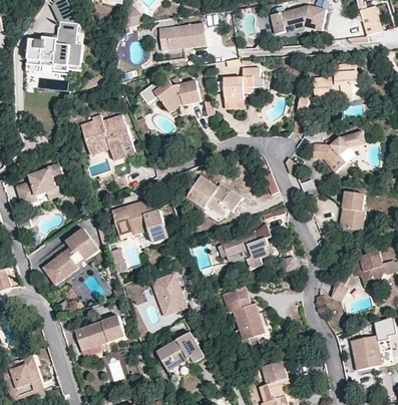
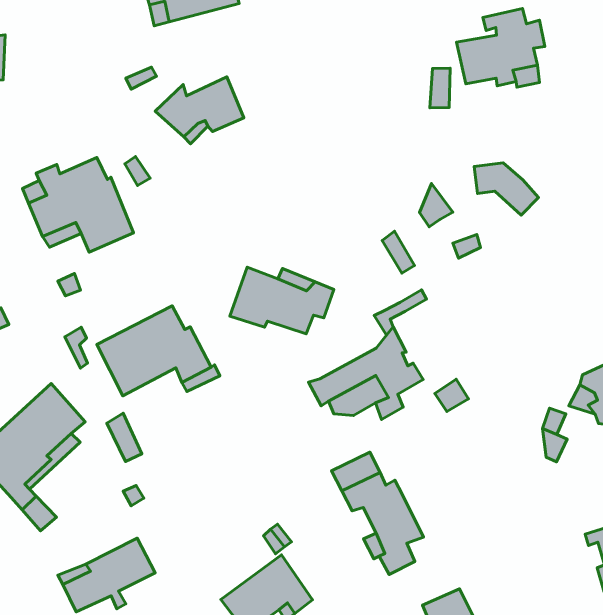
building: [224,69,258,103] -> none
building: [330,130,364,153] -> none
building: [343,192,364,232] -> none
building: [150,273,185,315] -> none

